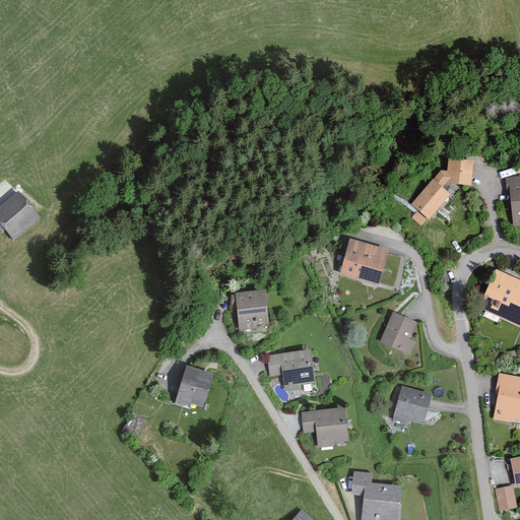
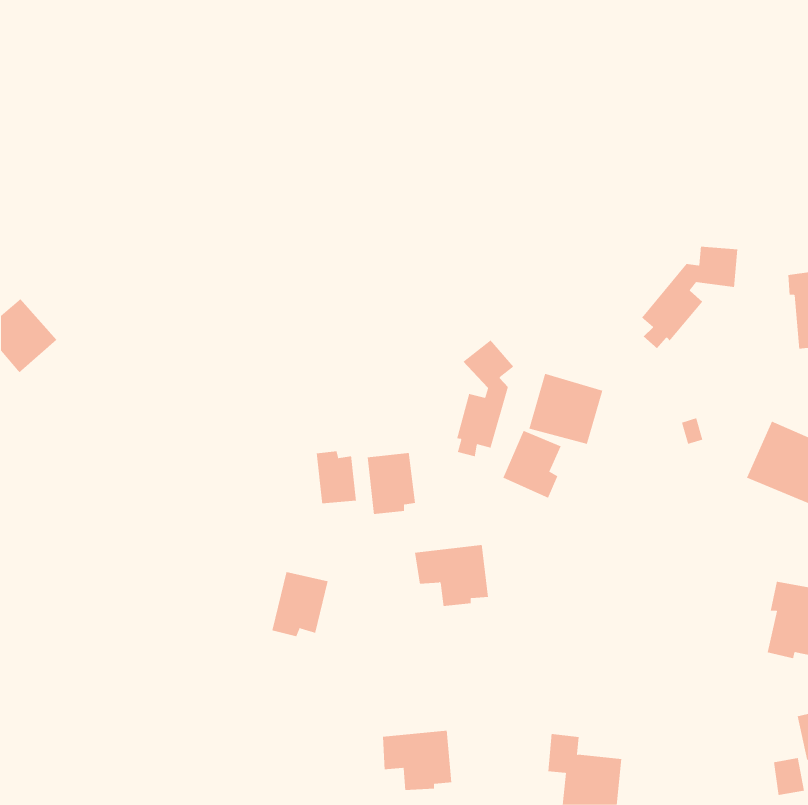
building: none -> [456,339,514,457]
building: none -> [316,451,357,504]
building: [381,311,418,354] -> [503,430,561,498]
building: [394,385,433,424] -> none
building: [303,406,347,445] -> [382,730,452,791]

